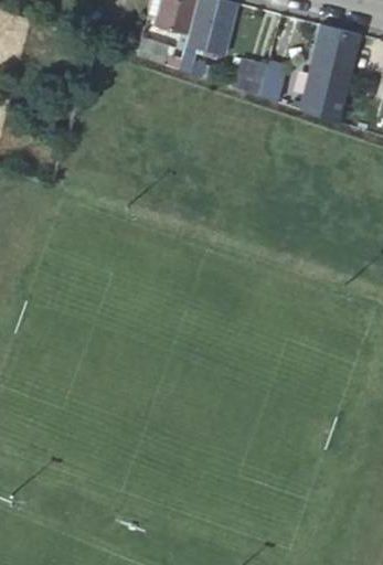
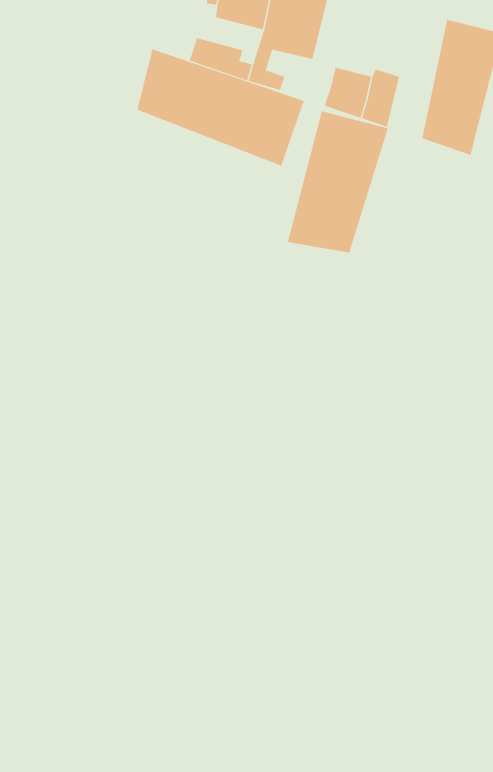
building: none -> [137,48,304,166]
building: none -> [287,110,388,254]

